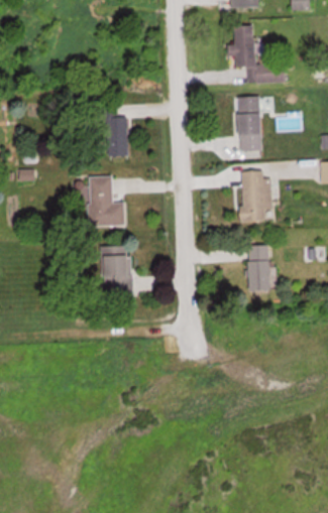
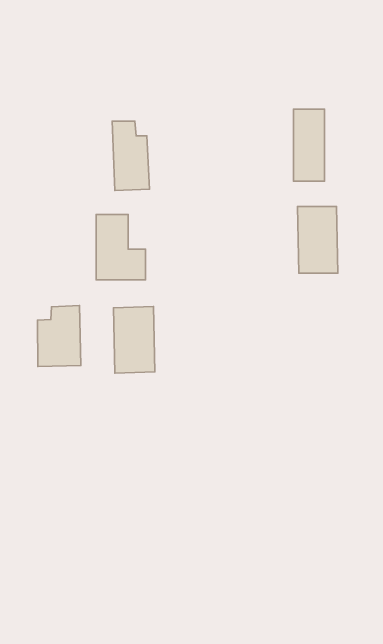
building: [228,26,283,83] -> none
building: [248,245,270,290] -> none
building: none -> [38,306,81,366]

